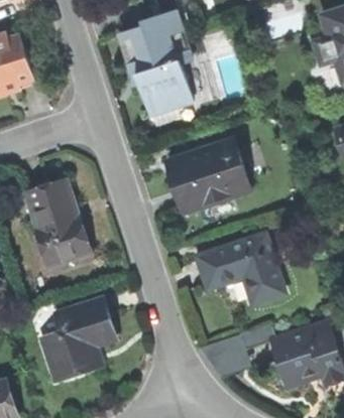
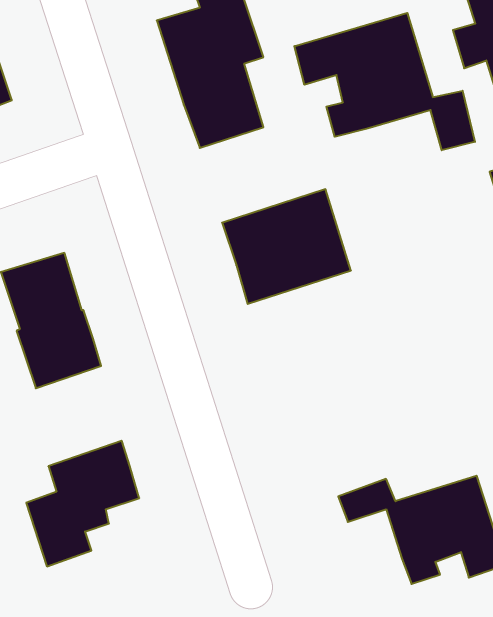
building: none -> [294,13,475,150]
building: [199,235,283,302] -> none

